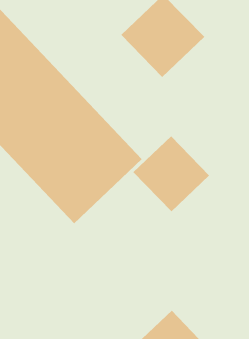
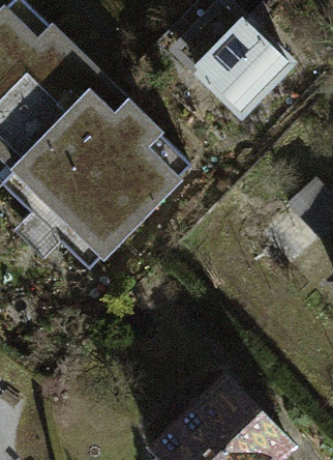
building: [133,136,210,212] -> none

